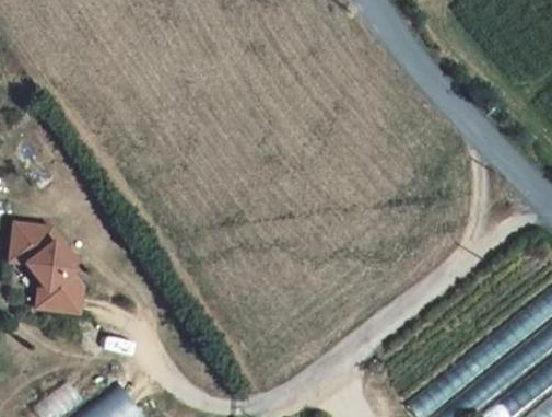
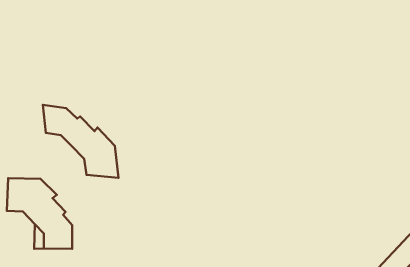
building: none -> [43,105,118,178]

